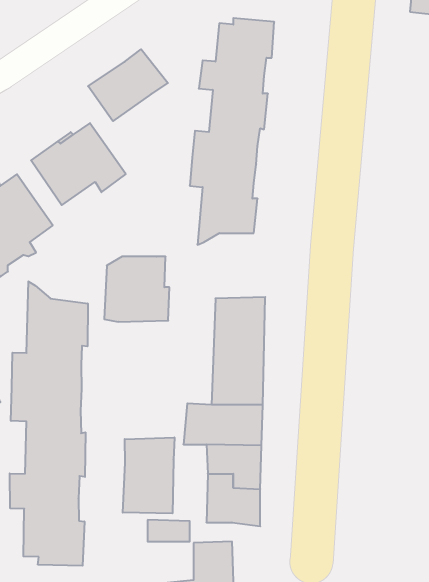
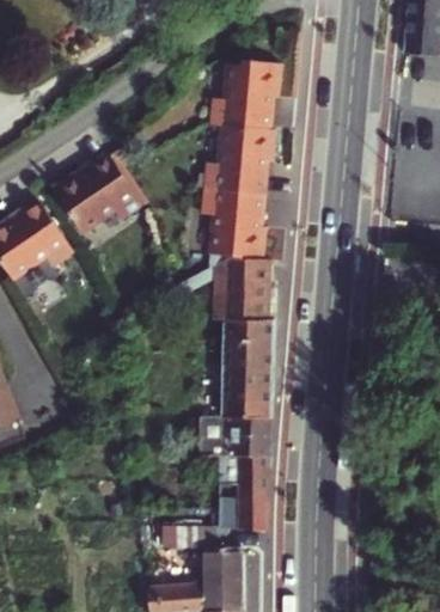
building: [88,49,168,121] -> none
building: [104,257,169,322] -> [213,259,274,320]
building: [10,281,88,566] -> none
building: [123,437,174,513] -> none

